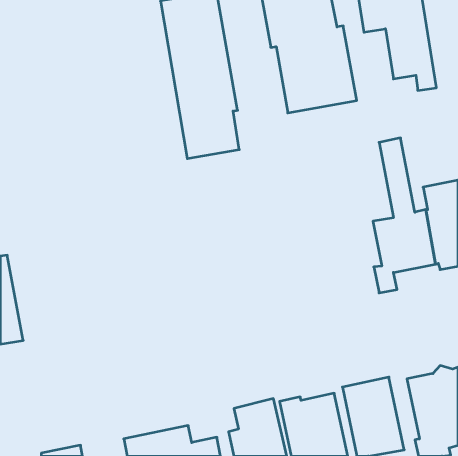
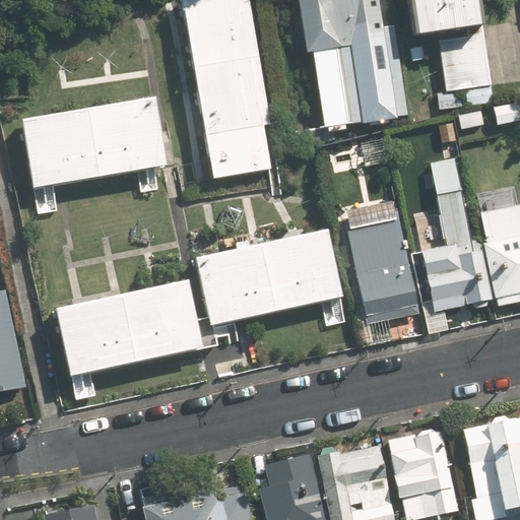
building: none -> [20,96,166,190]
building: none -> [346,214,420,314]
building: none -> [54,226,343,377]

